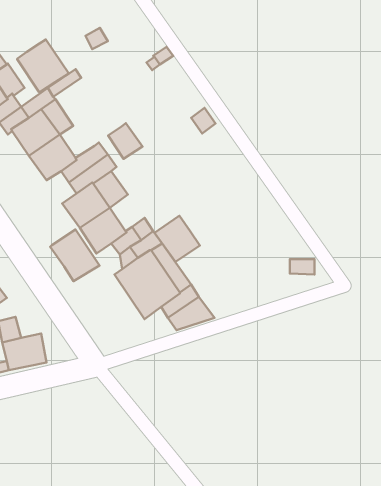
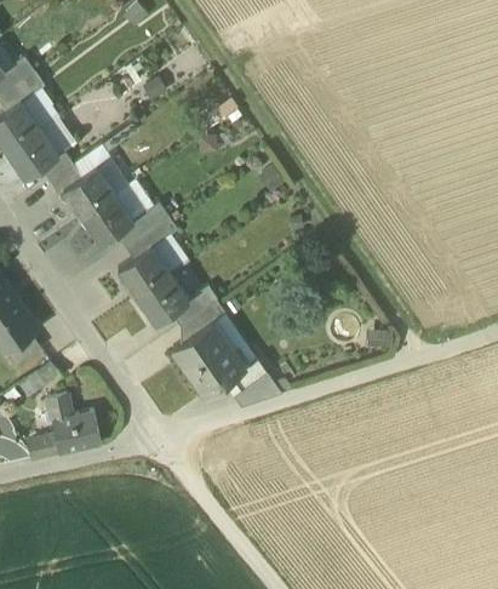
building: [17,40,69,92] -> none
building: [108,123,142,159] -> [114,182,151,221]
building: [155,216,200,262] -> none
building: [50,229,100,281] -> none

